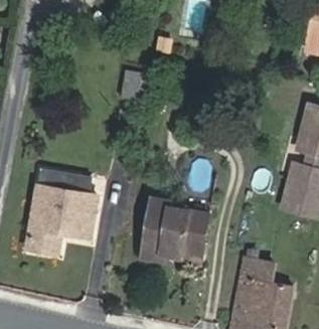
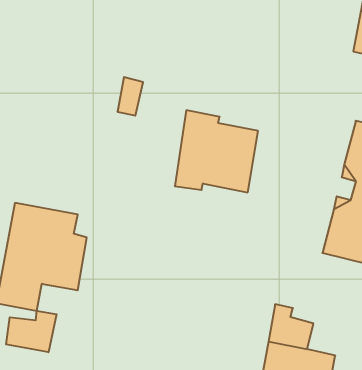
building: [142,196,207,261] -> [175,110,258,192]
building: none -> [6,311,57,352]

